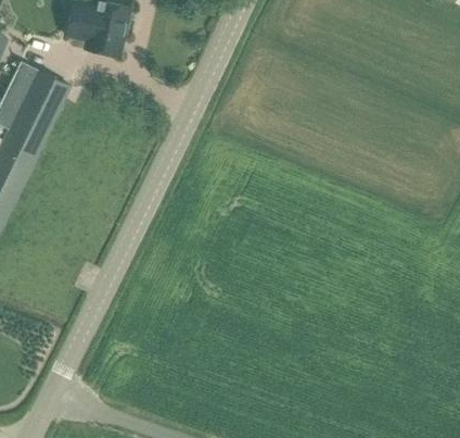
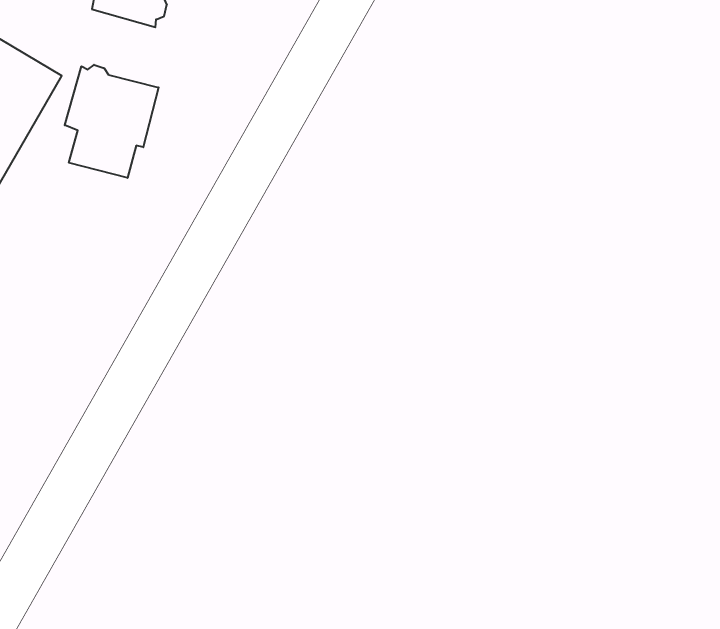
building: none -> [65,65,159,178]

